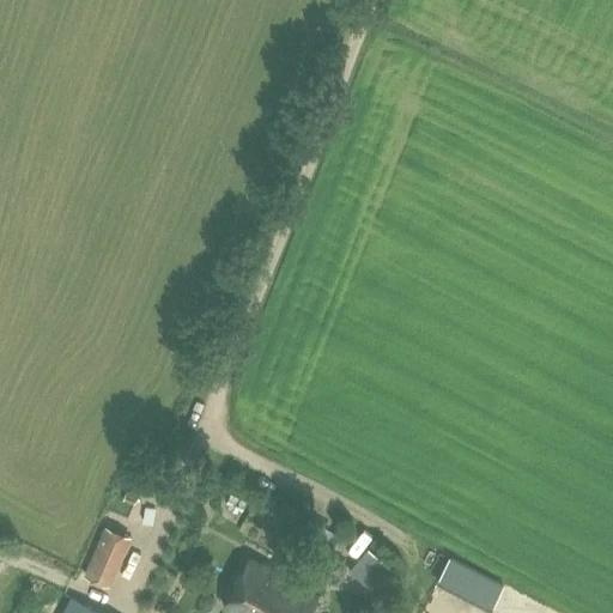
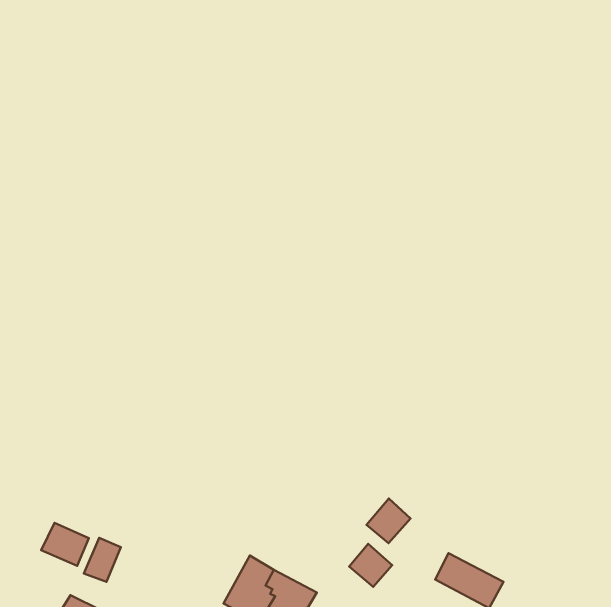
building: none -> [366,498,410,543]
building: none -> [41,523,89,566]

